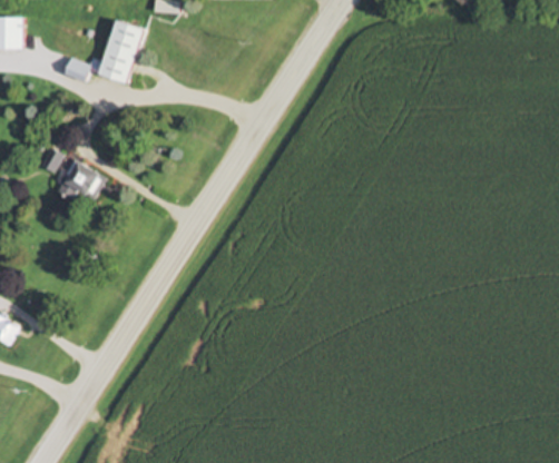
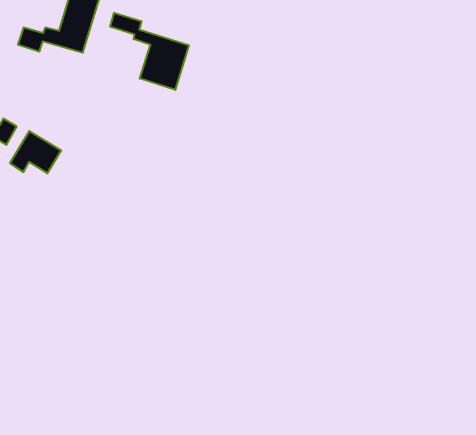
building: none -> [110,13,189,90]

